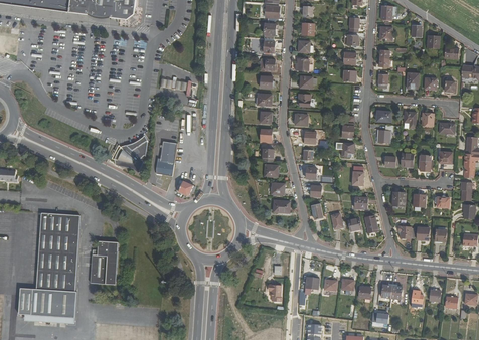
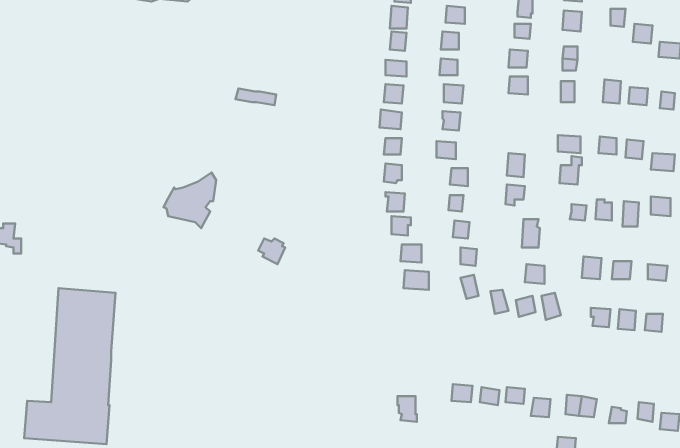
building: [155,141,176,175] -> none
building: [90,240,117,284] -> none

